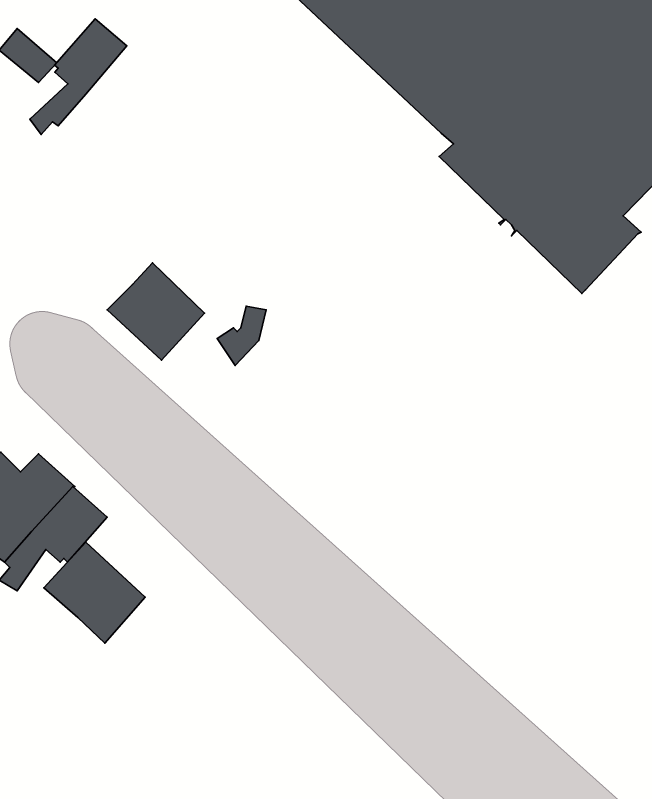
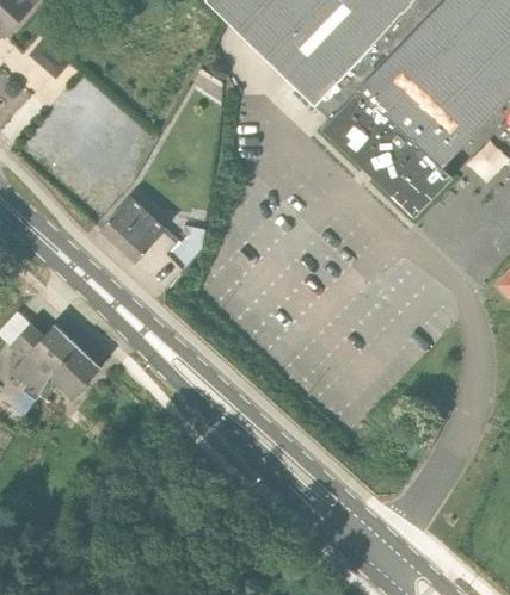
building: [30,19,127,135] -> none
building: [44,542,145,643] -> none

